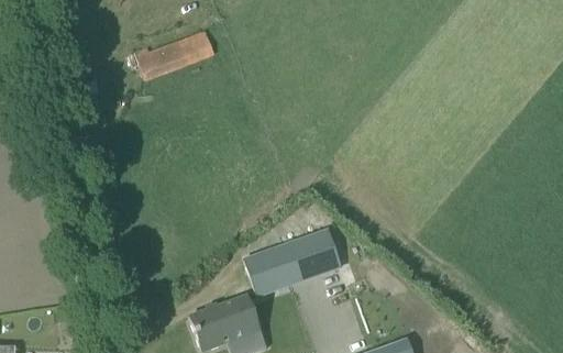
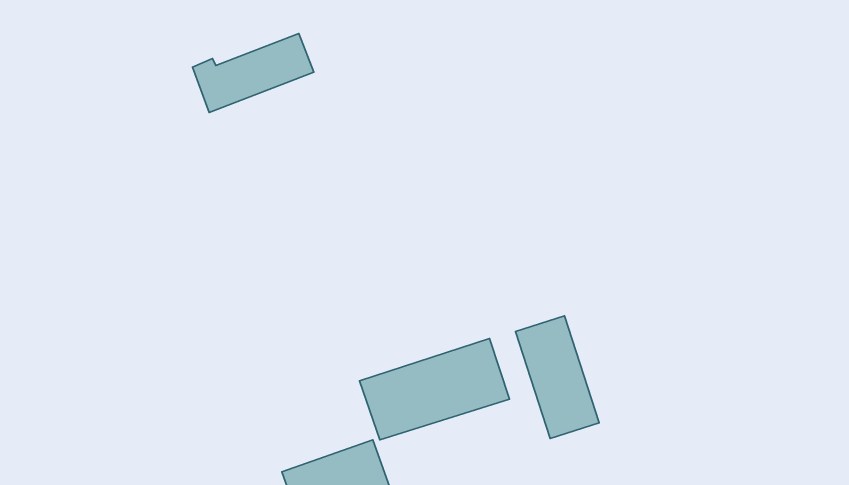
building: none -> [515,316,599,439]

